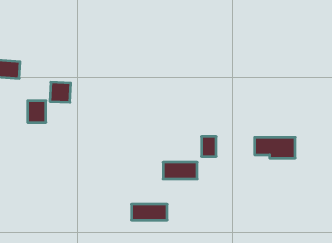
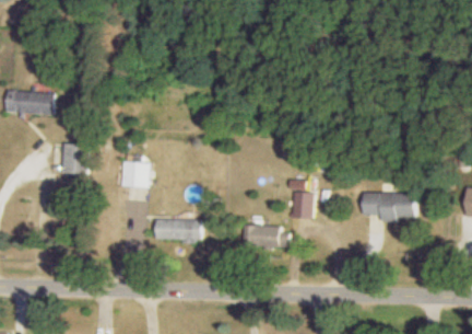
building: [50,82,71,102] -> [120,161,148,187]
building: [131,204,167,220] -> [154,219,201,240]

